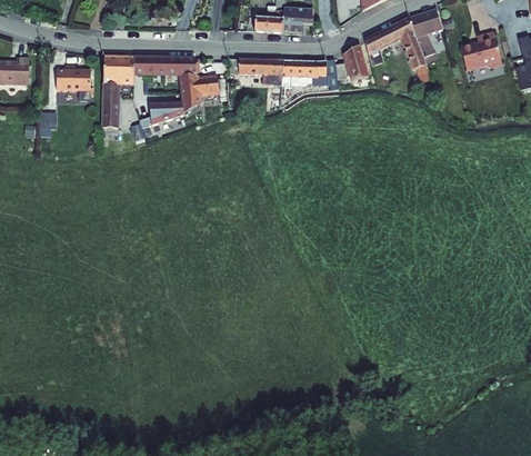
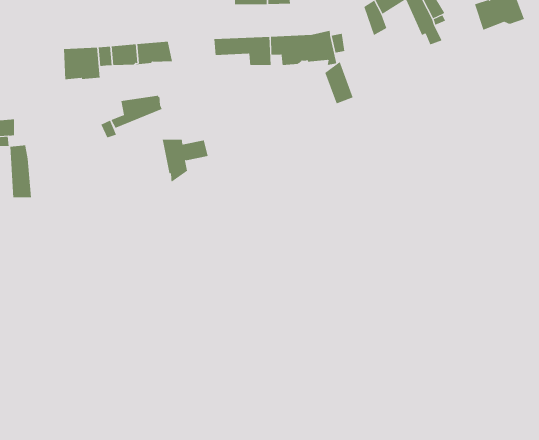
building: [345,43,369,80] -> [324,61,354,104]
building: [57,68,91,99] -> none
building: [180,73,219,111] -> [162,139,209,183]
building: [102,82,119,128] -> [9,145,32,198]

